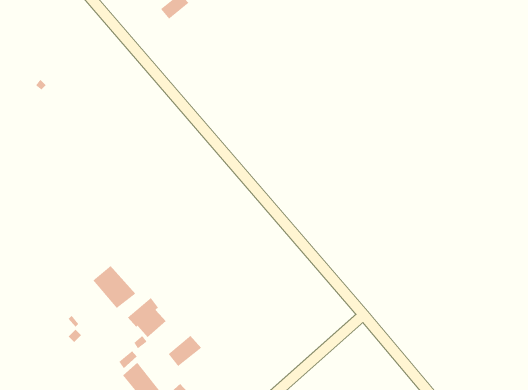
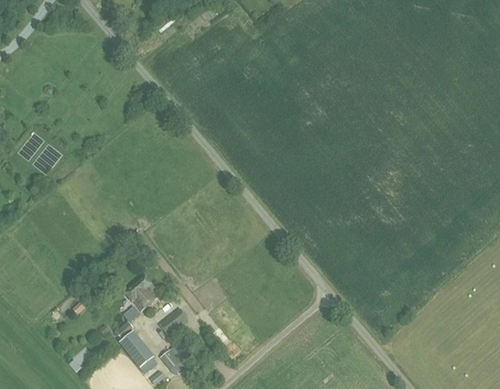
building: [93,265,136,309] -> none

